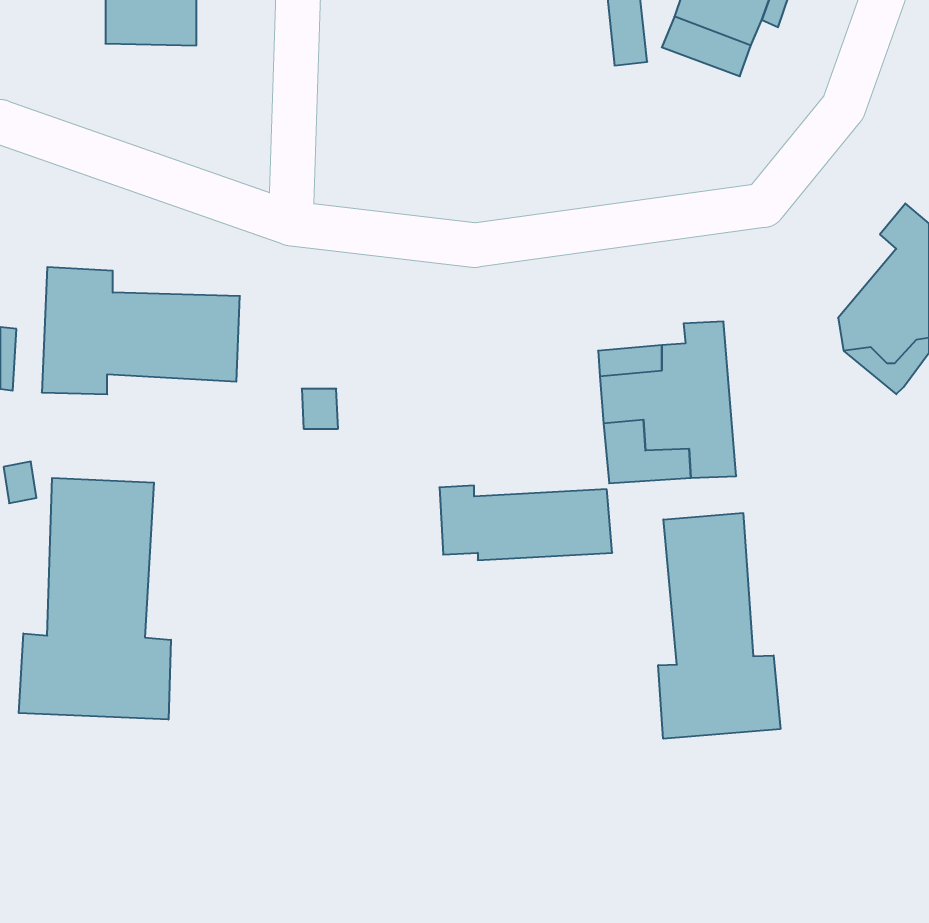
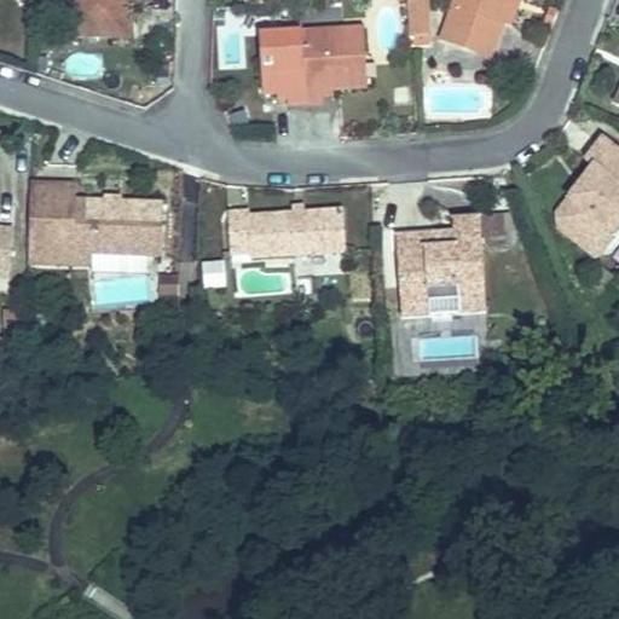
building: none -> [261,25,369,99]
building: [19,478,171,720] -> none
building: [439,486,612,560] -> [231,206,346,255]
building: [658,513,780,739] -> none

